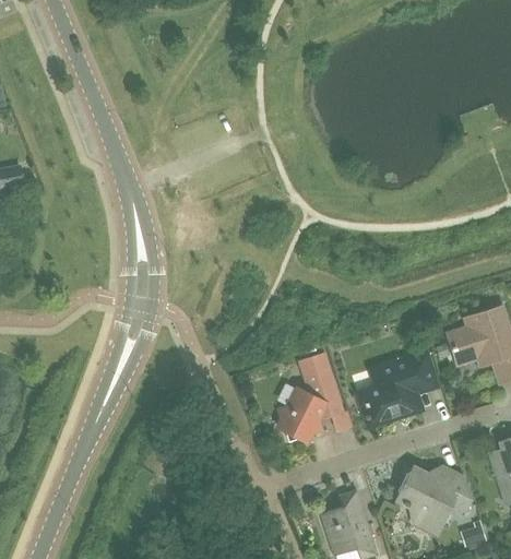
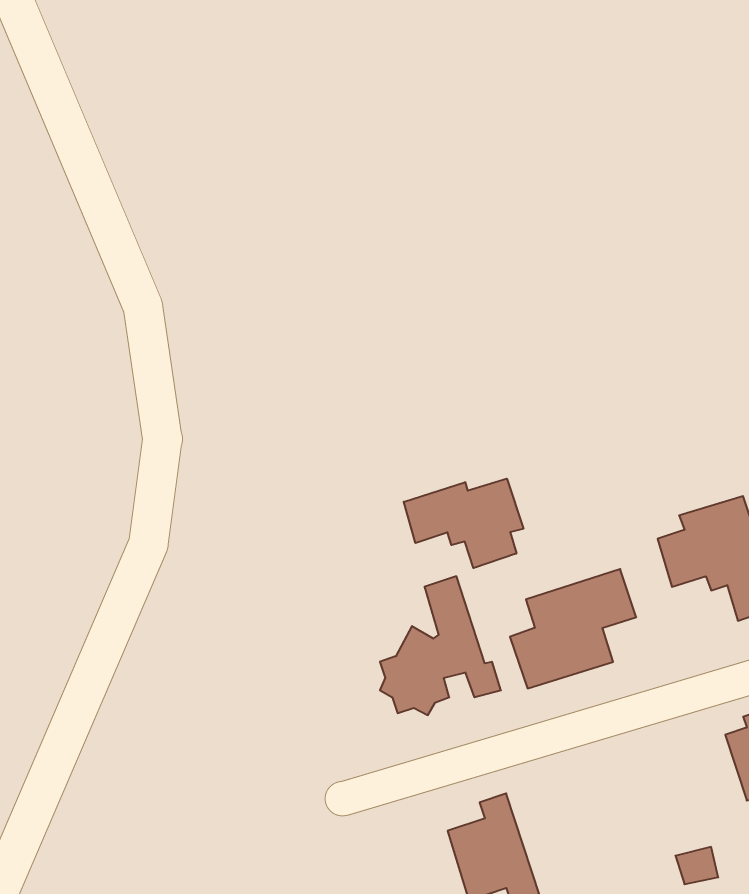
building: none -> [404,479,523,568]
building: [394,469,471,536] -> none

